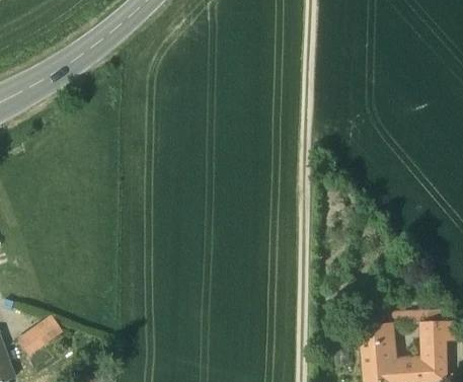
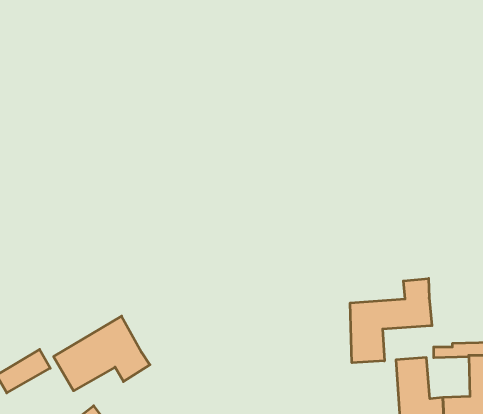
building: none -> [350,278,432,363]
building: none -> [54,316,150,391]

